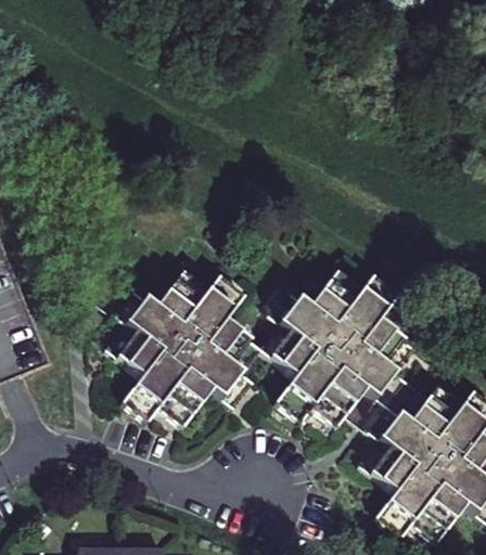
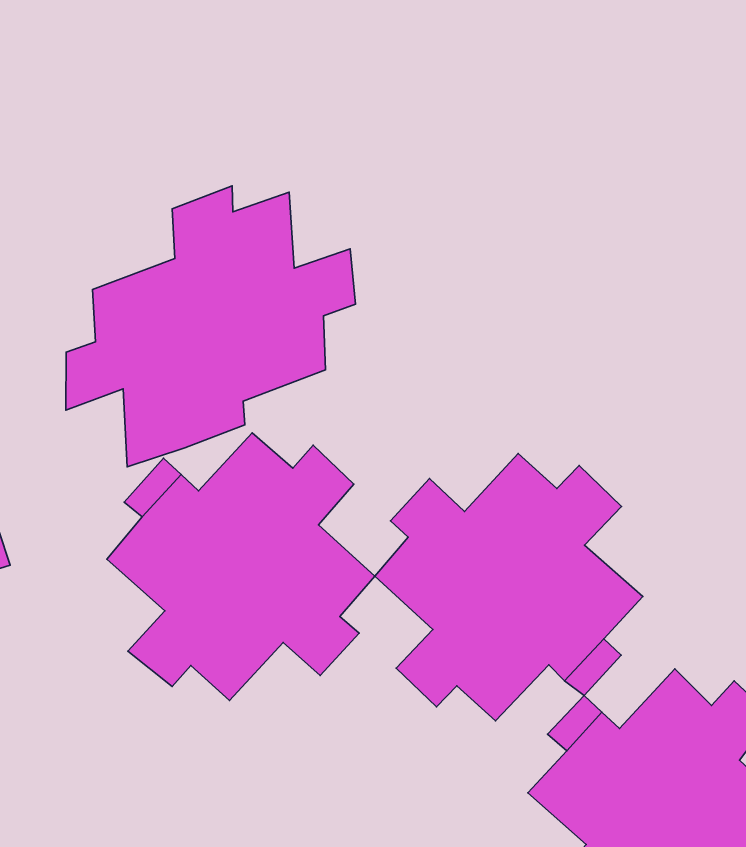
building: none -> [66,186,356,467]

